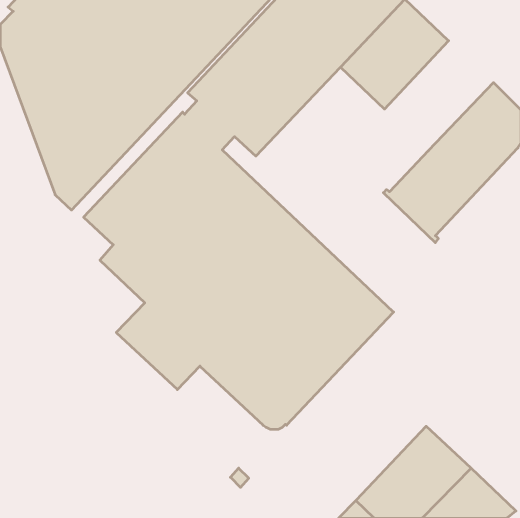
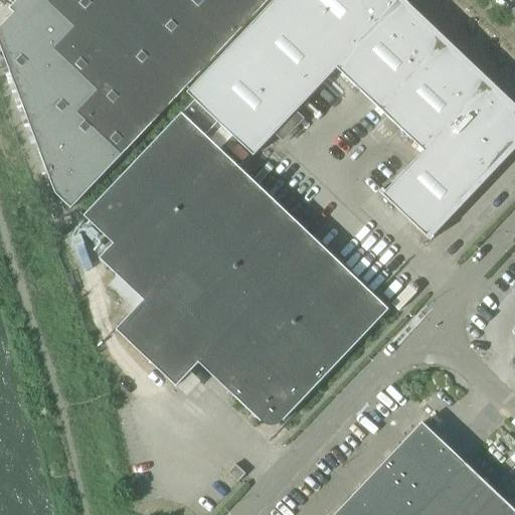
building: none -> [380,40,488,149]

